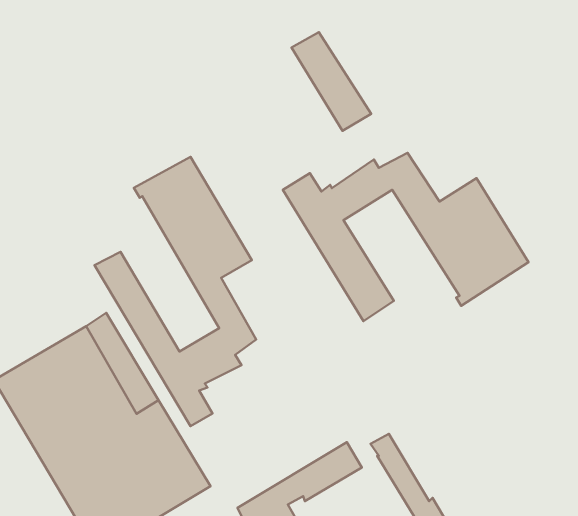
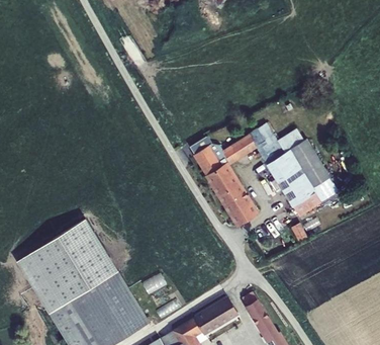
building: [291,32,371,131] -> none
building: [95,157,256,426] -> none

